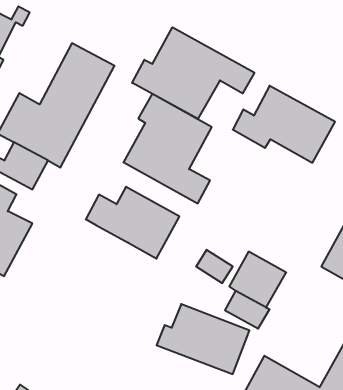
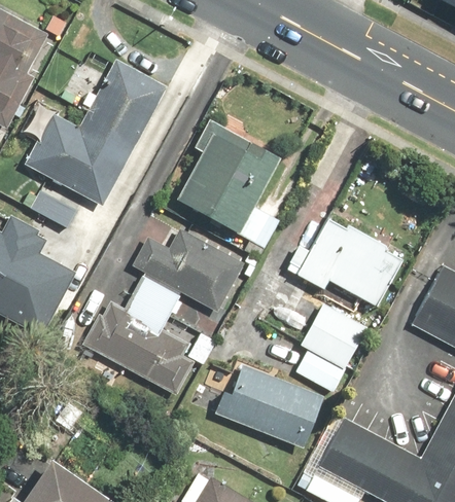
building: [132,27,254,119] -> none
building: [233,86,335,163] -> [287,217,408,308]
building: none -> [85,272,218,395]

